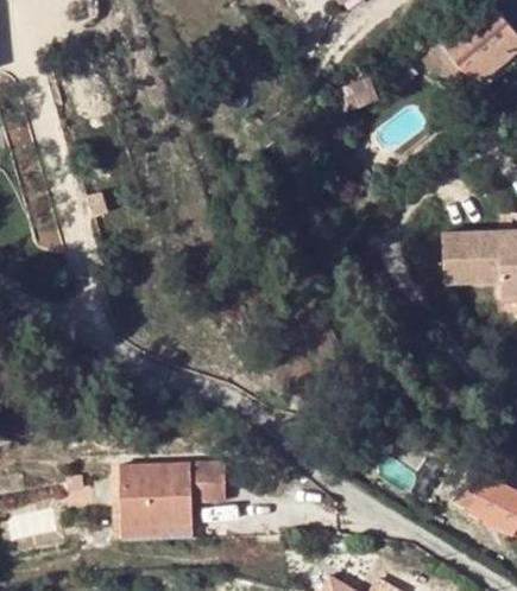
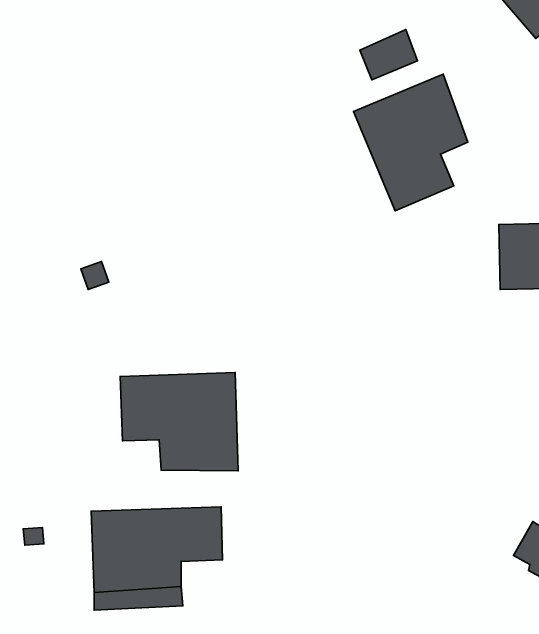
building: none -> [353,74,468,211]
building: none -> [120,372,238,471]

